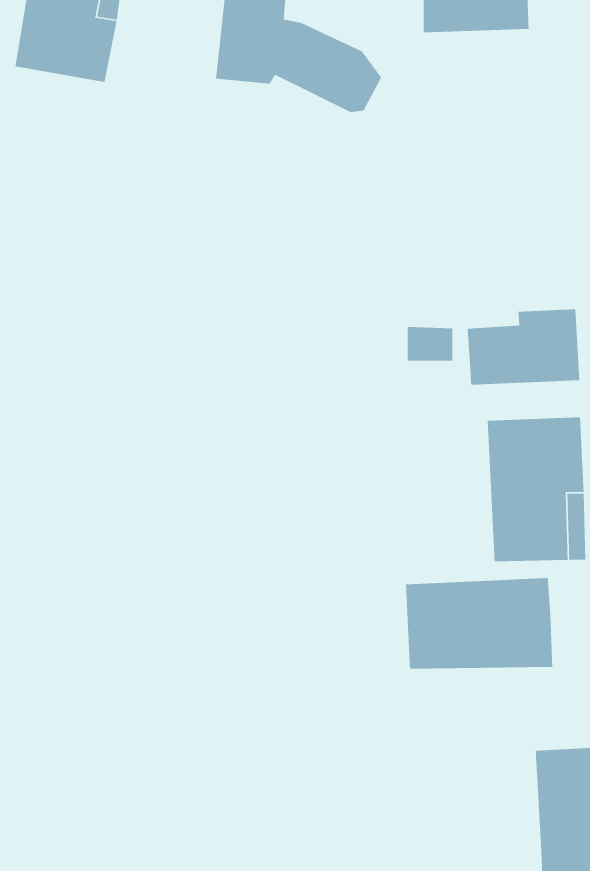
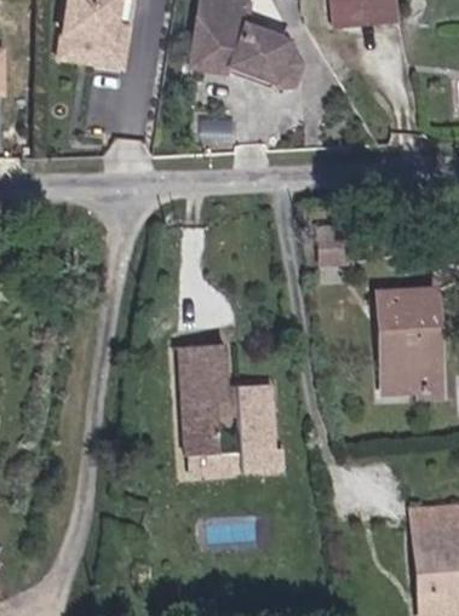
building: [467,308,580,386] -> none
building: none -> [182,344,283,471]
building: [405,577,553,670] -> none

